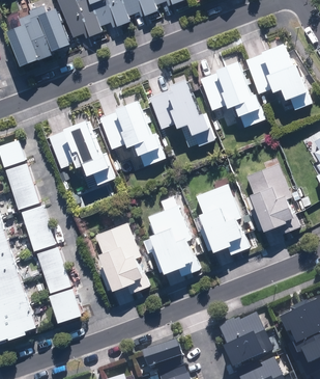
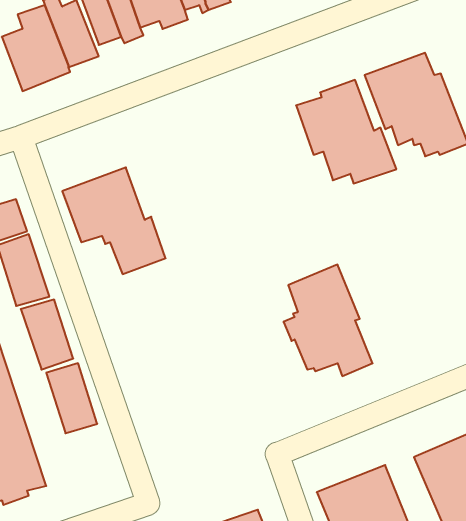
building: [150,79,221,153] -> none
building: [100,91,166,165] -> none
building: [246,156,300,233] -> none
building: [143,202,202,275] -> none
building: [95,219,150,292] -> none
building: [51,287,83,320] -> none

